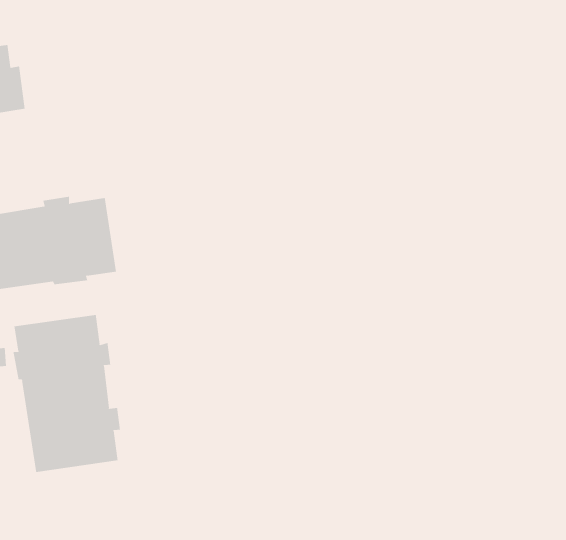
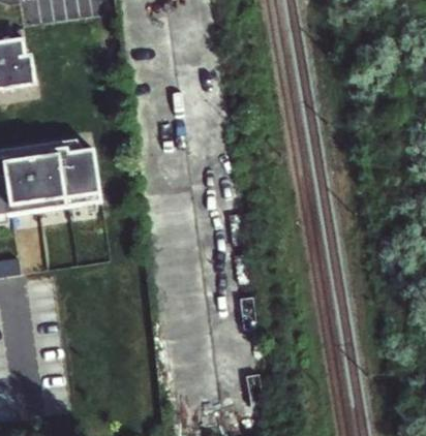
building: [13,314,120,473] -> none

